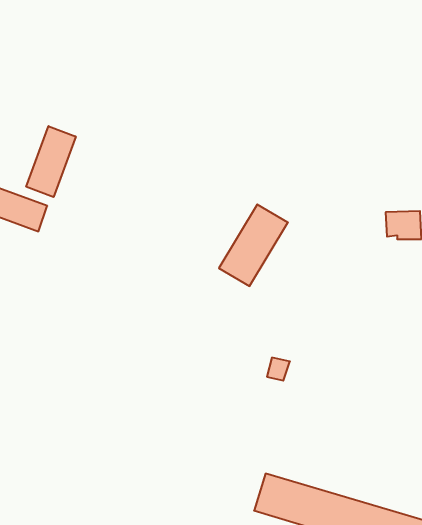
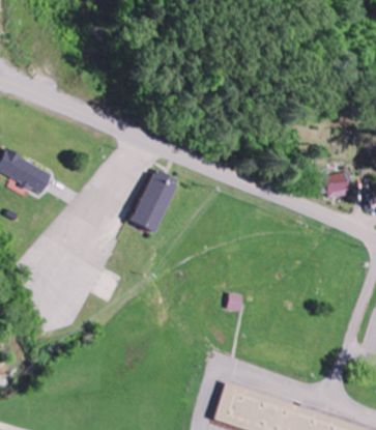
building: [26,126,76,197] -> none
building: [219,204,288,286] -> [127,168,183,234]

